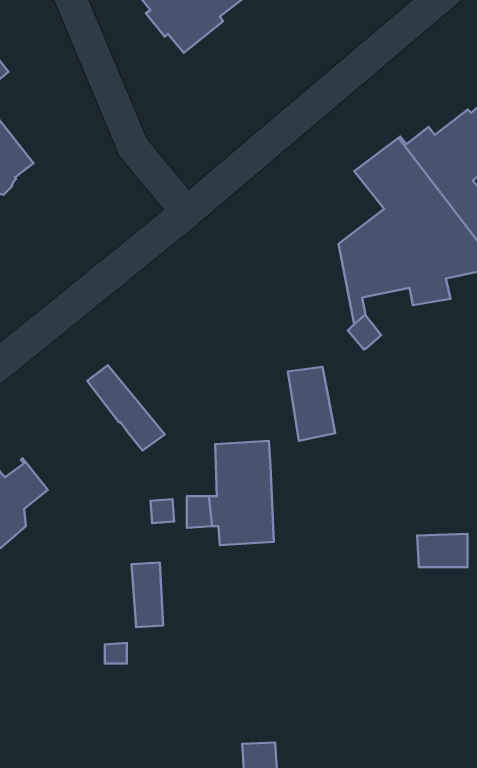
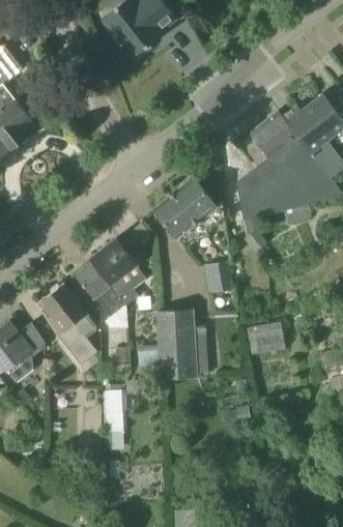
building: none -> [153,177,224,248]
building: none -> [87,230,146,306]
building: none -> [41,284,99,364]
building: [417,534,468,567] -> [250,328,283,350]

